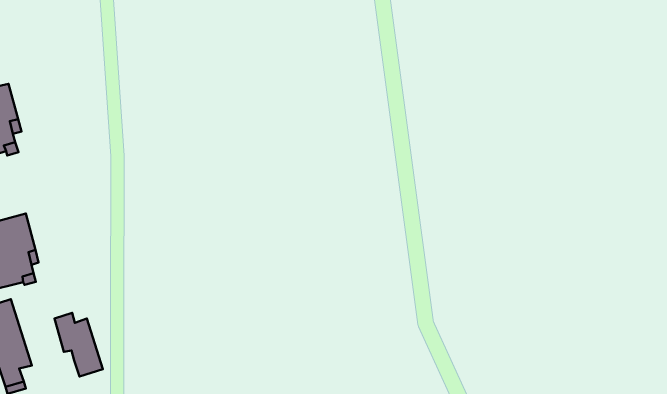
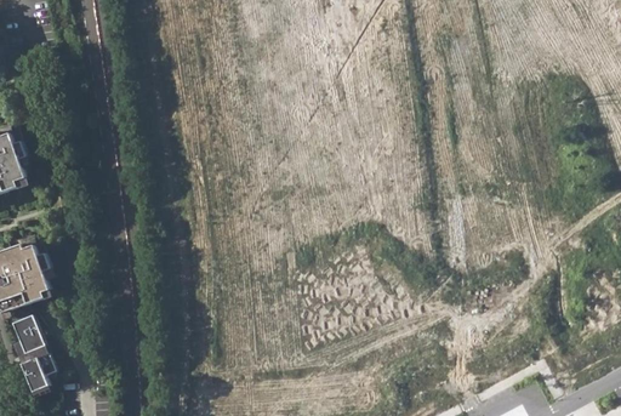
building: [54,313,103,377] -> none

